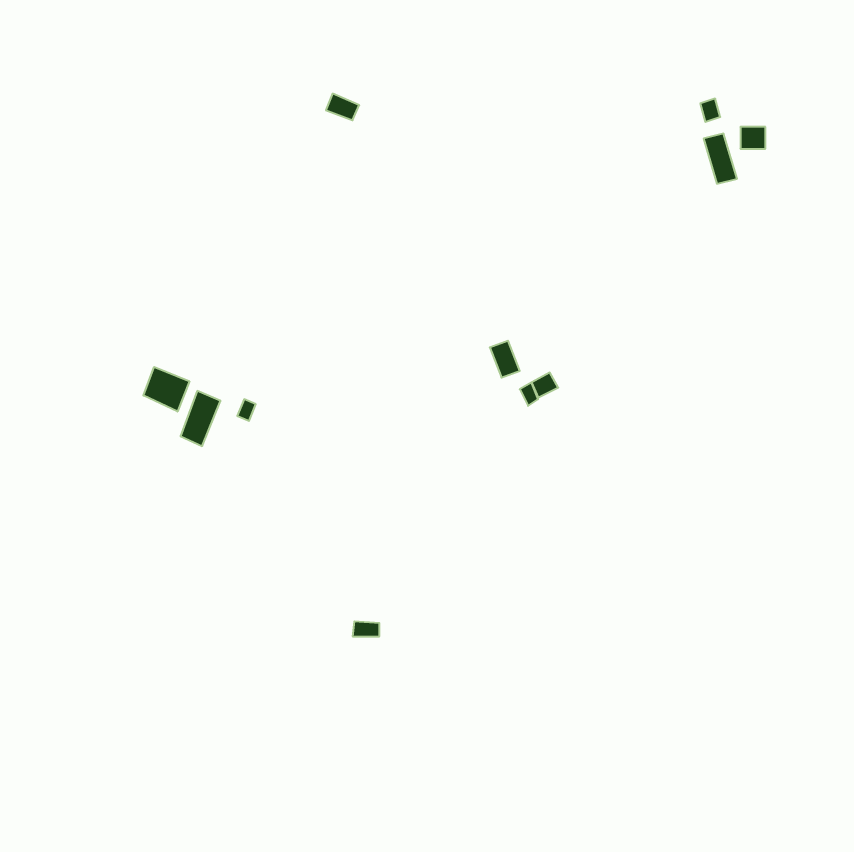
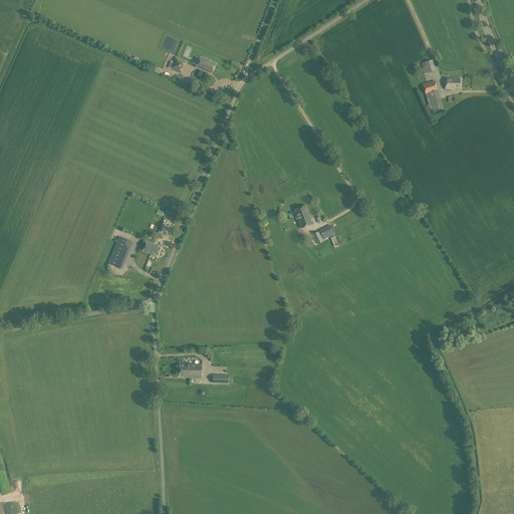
building: [143,367,189,412] -> none

